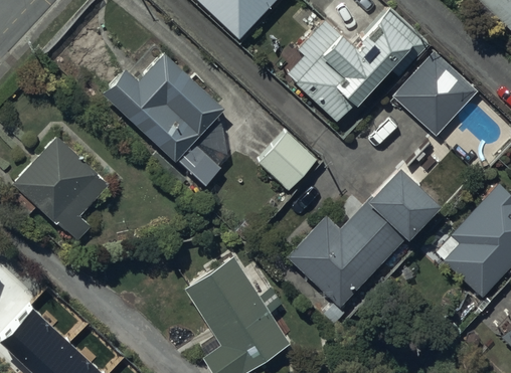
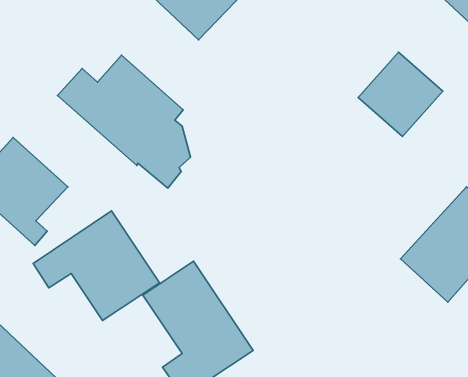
building: [286,10,428,124] -> none
building: [259,134,316,191] -> none
building: [287,168,441,307] -> none
building: none -> [33,211,160,321]

